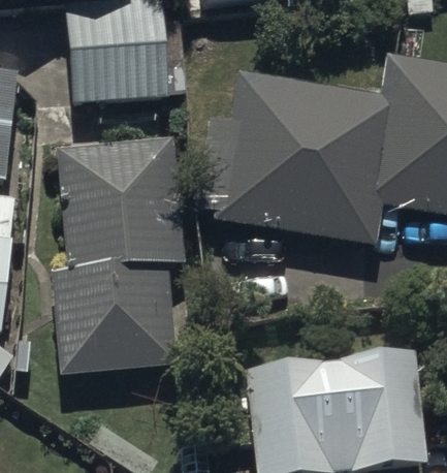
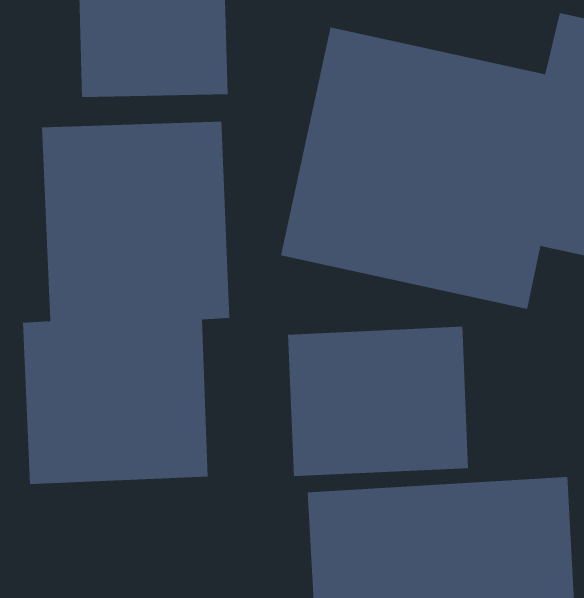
building: none -> [287,326,469,477]

